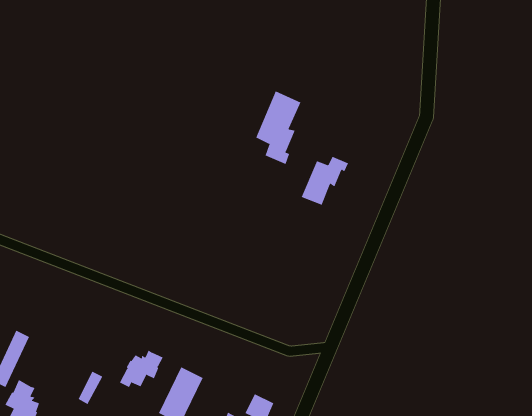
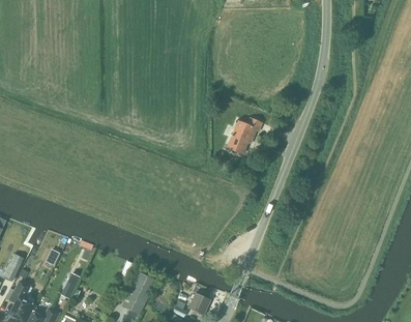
building: [255,90,301,165] -> none
building: [119,350,164,388] -> none

